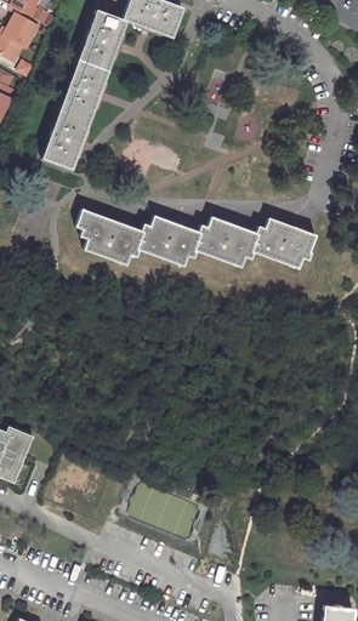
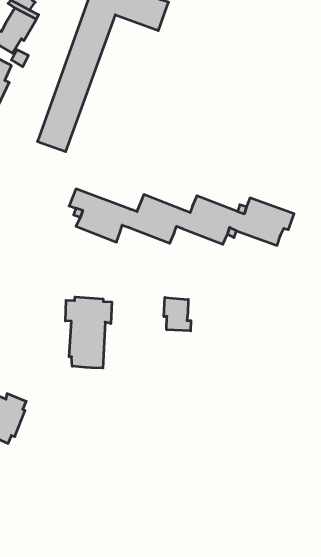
building: none -> [65,297,112,368]
building: none -> [164,297,191,331]

